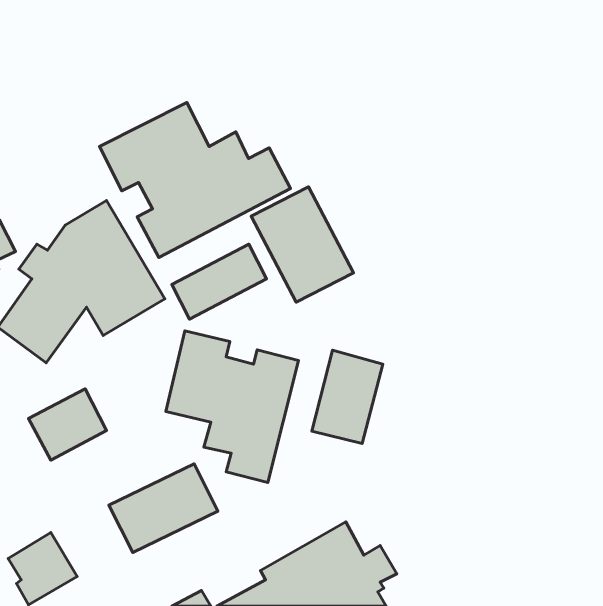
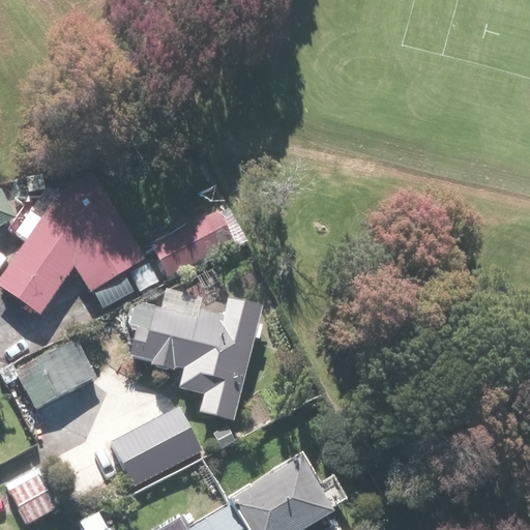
building: [100,102,291,257] -> none
building: [251,187,353,302] -> none
building: [312,350,383,443] -> none

